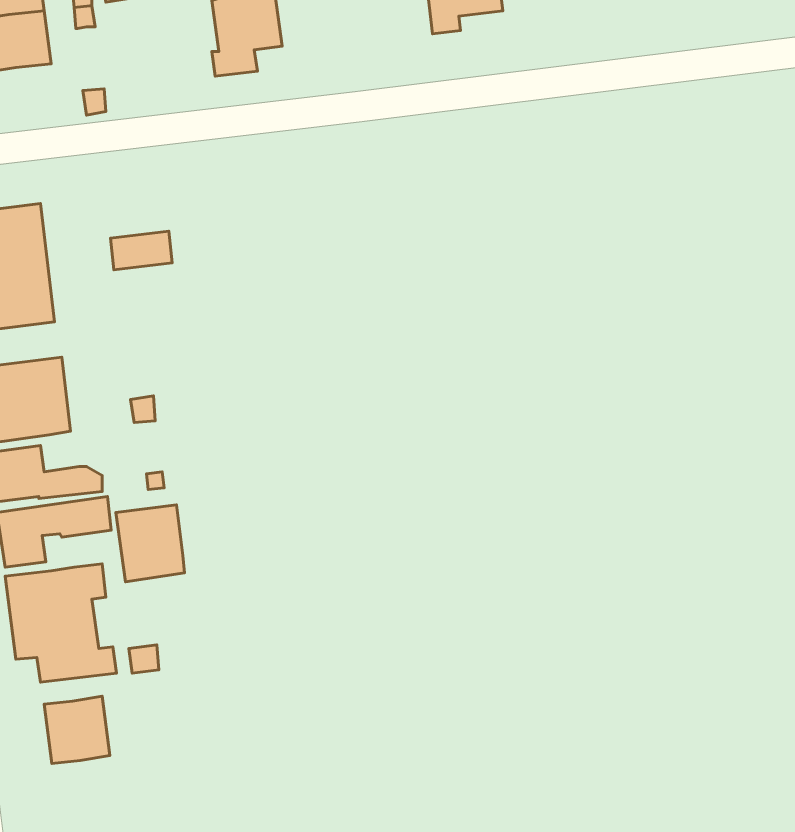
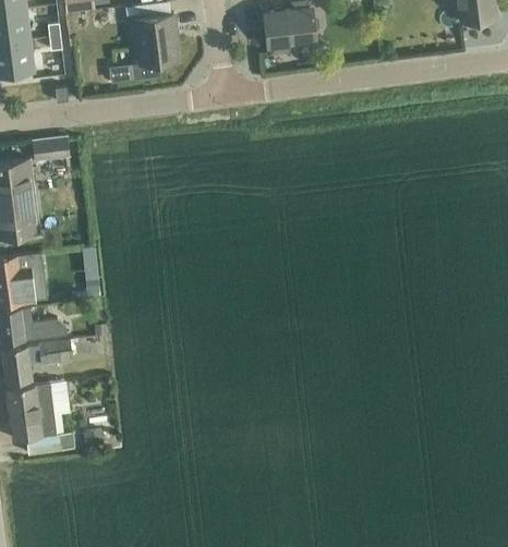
building: [110,231,172,270] -> [32,137,70,161]
building: [116,505,185,582] -> none
building: [44,696,110,763] -> none

